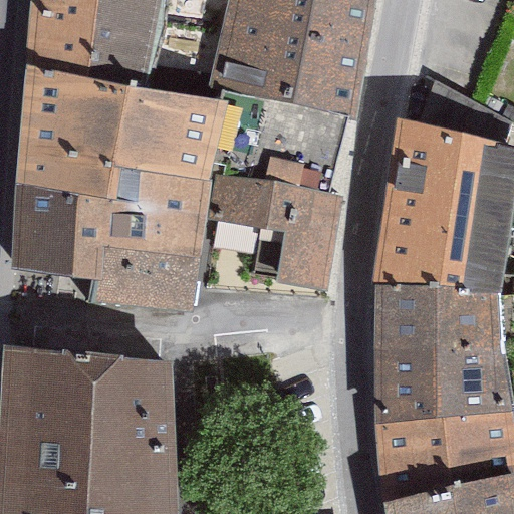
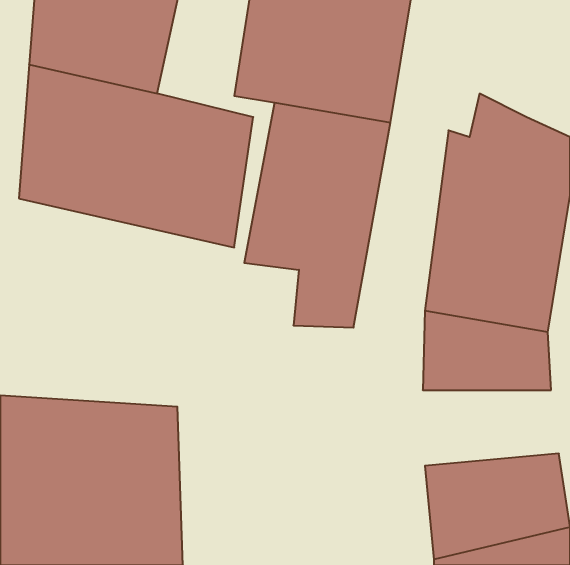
building: [12,179,211,307] -> none
building: [380,351,503,420] -> none

